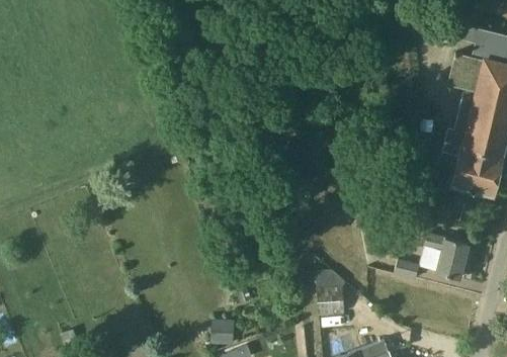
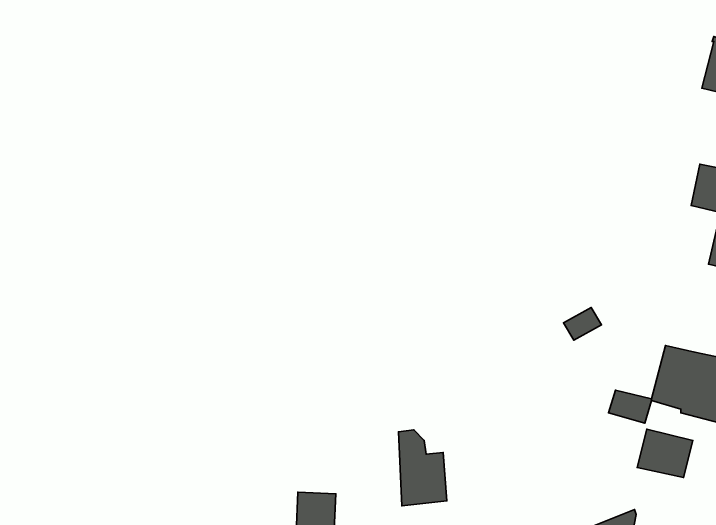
building: [317,272,345,317] -> [398,430,447,506]
building: none -> [637,429,693,477]

